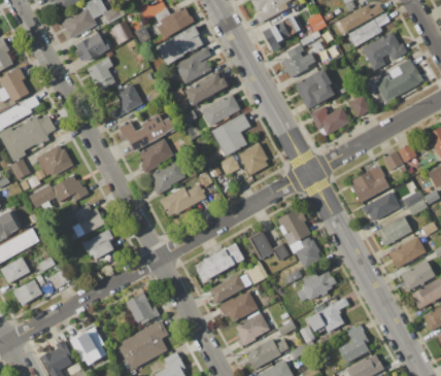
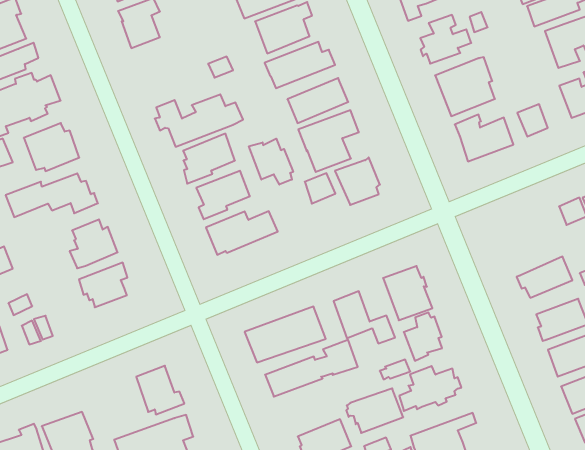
building: [110,83,143,118] -> none
building: none -> [249,139,293,185]
building: [351,165,391,202] -> none
building: [220,292,258,322] -> [346,388,403,433]

